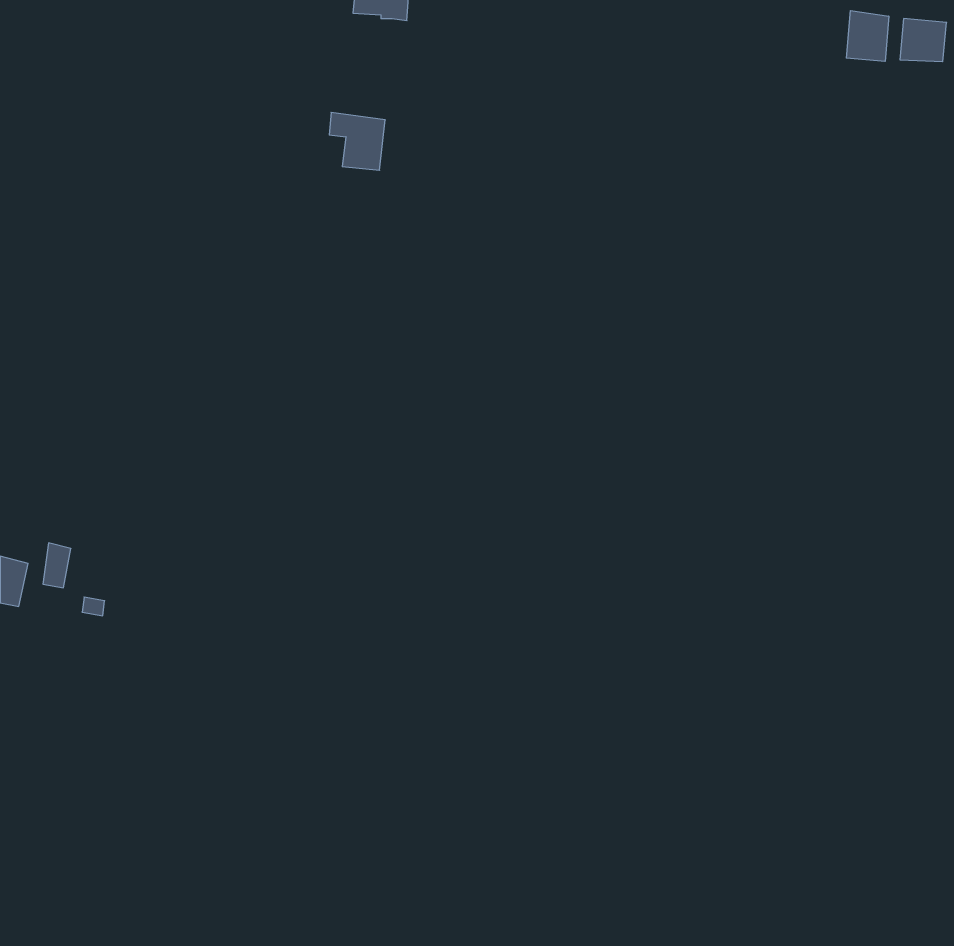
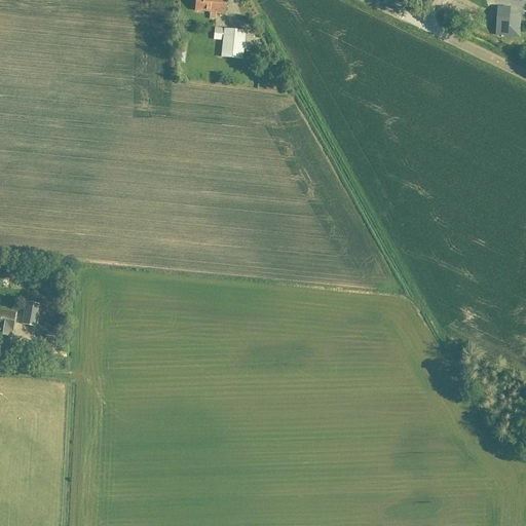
building: [846,11,889,61] -> none
building: [329,112,385,170] -> [214,25,245,57]

